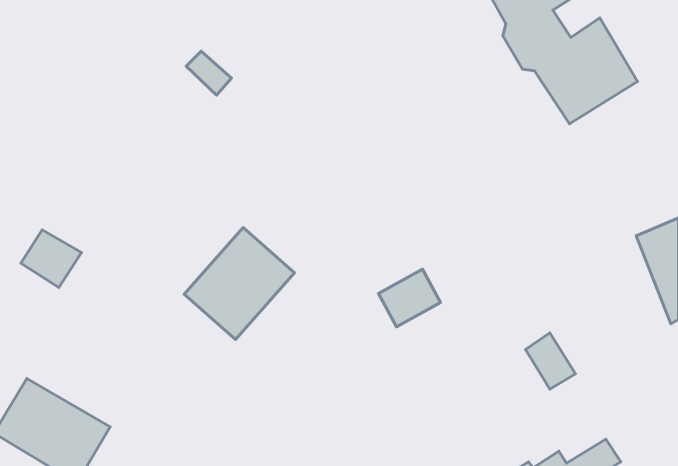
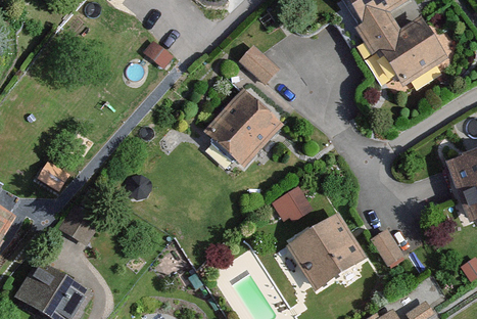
building: none -> [238,43,279,84]
building: [184,227,295,340] -> [209,91,284,167]
building: none -> [287,214,366,289]

